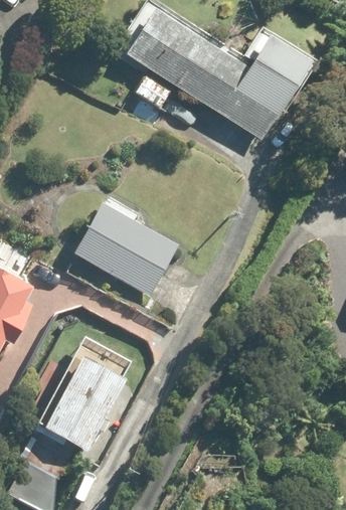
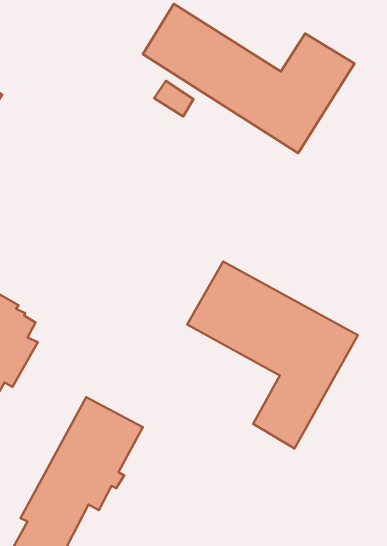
building: [74,197,180,296] -> none
building: none -> [187,261,358,448]

